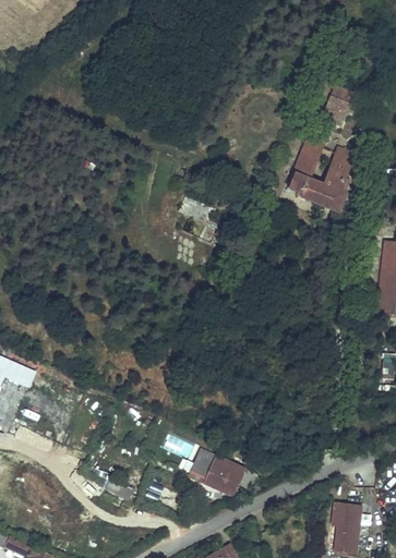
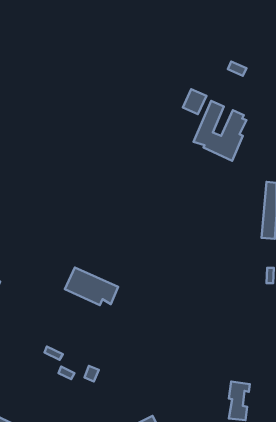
building: [321,94,351,126] -> [183,89,206,114]
building: [187,450,256,499] -> [65,268,118,305]

